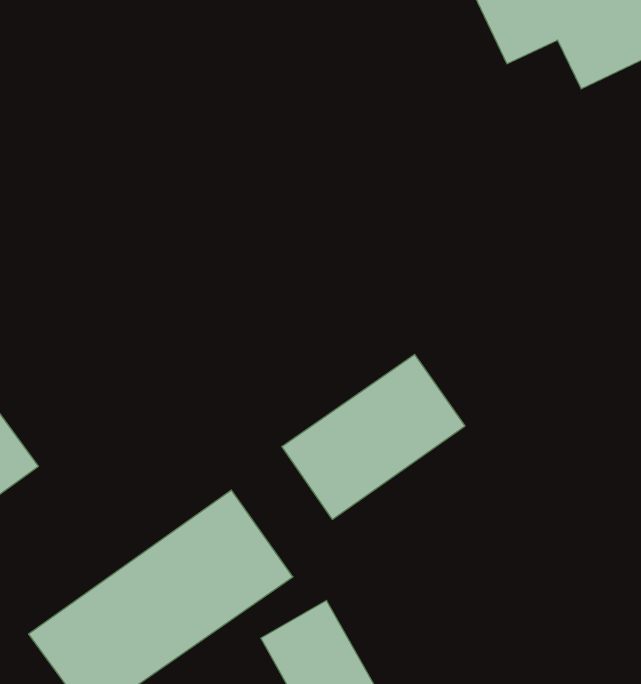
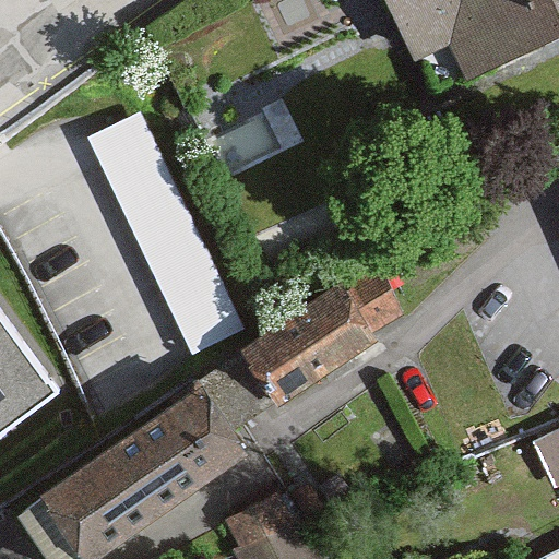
building: none -> [84,97,234,332]

